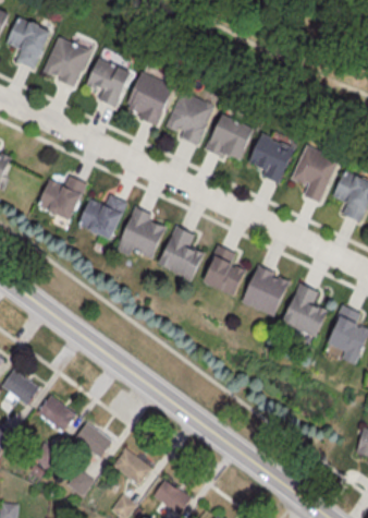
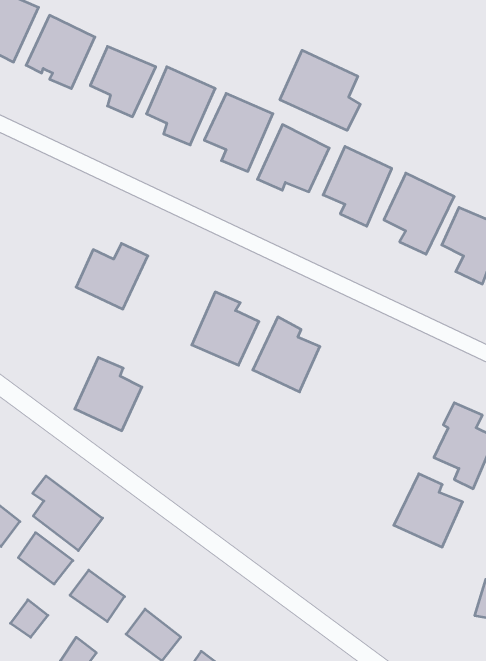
building: none -> [280,50,360,130]
building: [36,176,86,220] -> none
building: [118,207,164,258] -> [75,357,142,431]
building: [240,265,287,317] -> none
building: [282,286,330,337] -> [394,474,463,547]
building: none -> [33,476,103,551]

